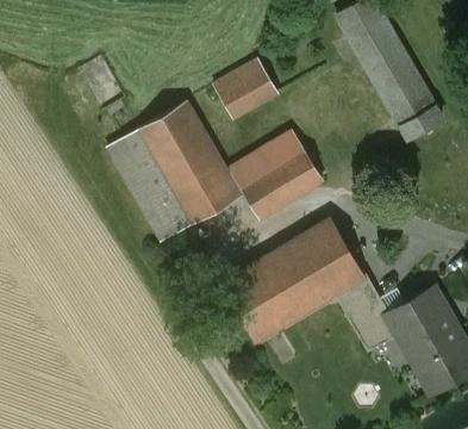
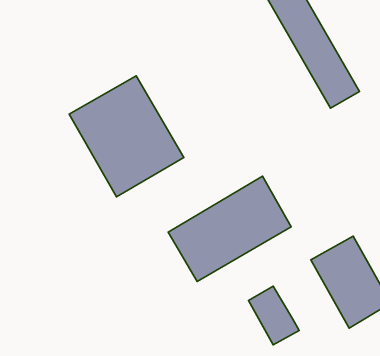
building: [214,60,277,118] -> none
building: [230,131,324,218] -> none
building: [336,276,394,344] -> [248,286,299,345]

